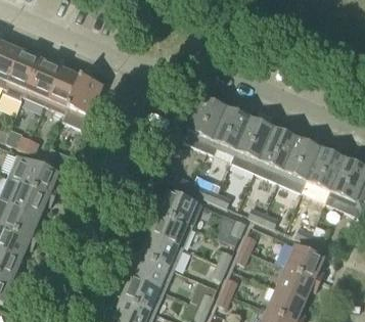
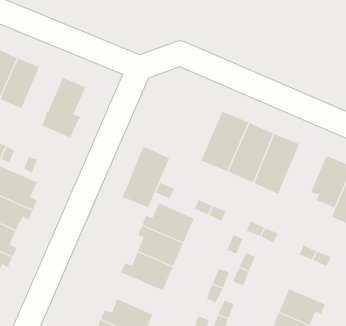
building: [45,65,82,112] -> none
building: [182,94,226,150] -> [121,146,170,208]
building: [277,135,320,191] -> none
building: [286,243,324,280] -> none
building: [131,251,173,289] -> none

